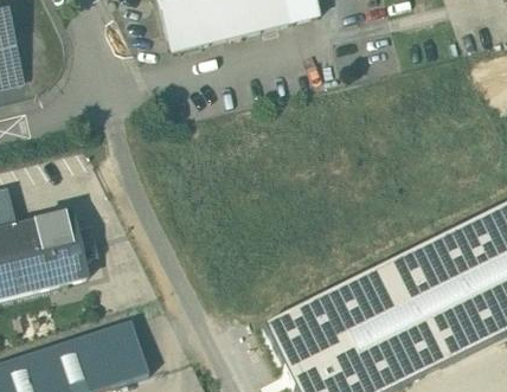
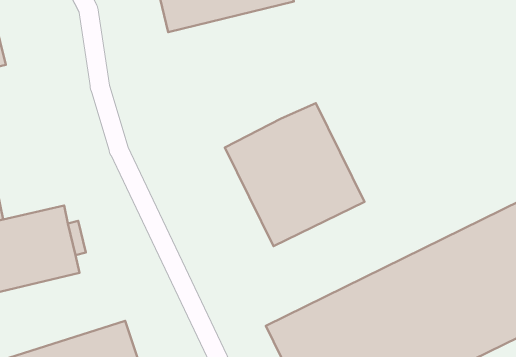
building: none -> [225,103,364,246]

